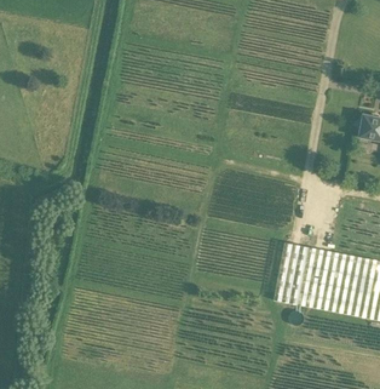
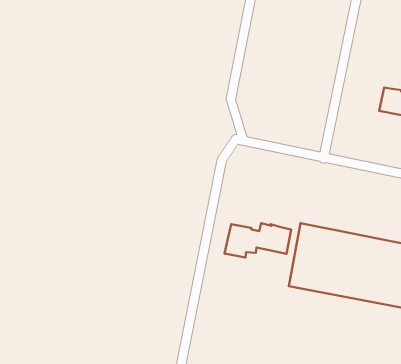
building: none -> [224,223,291,258]

